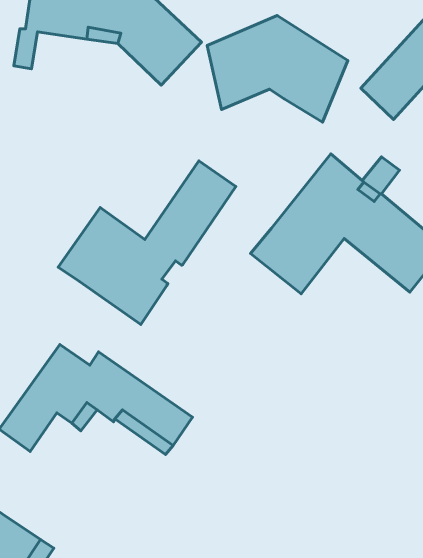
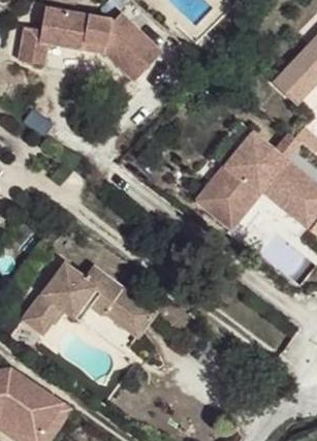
building: [207,15,348,122] -> none
building: [58,161,236,324] -> none

